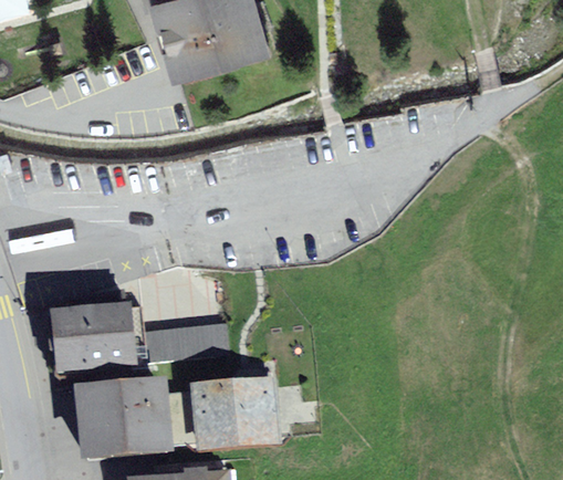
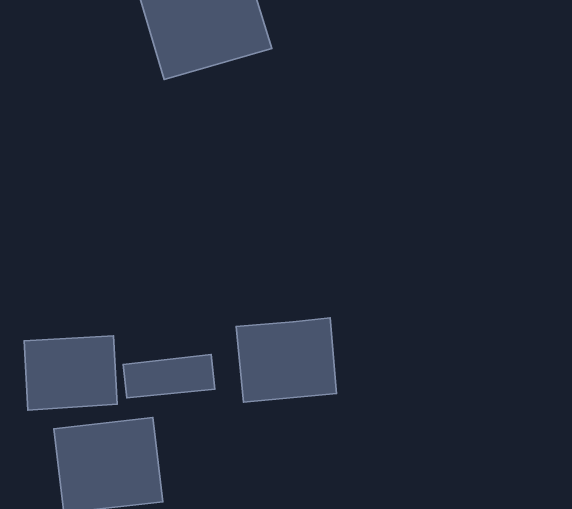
building: [188,374,278,449] -> [236,318,336,402]

